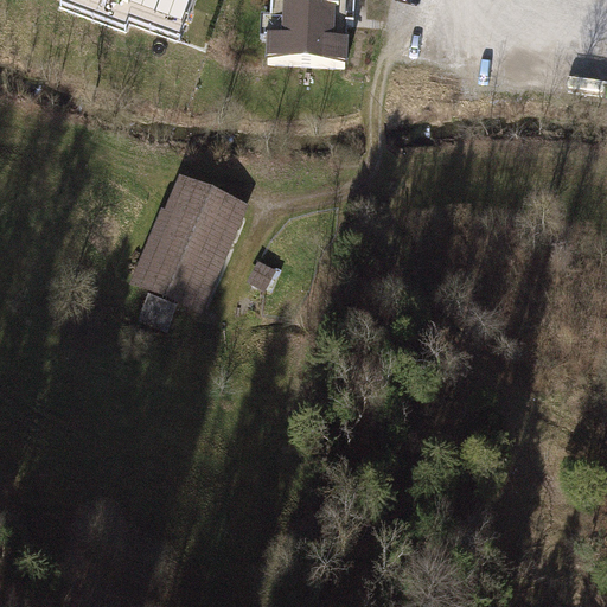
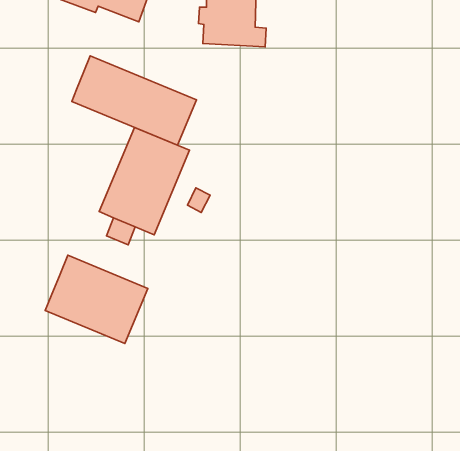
building: none -> [72,56,196,145]
building: none -> [45,255,148,343]

